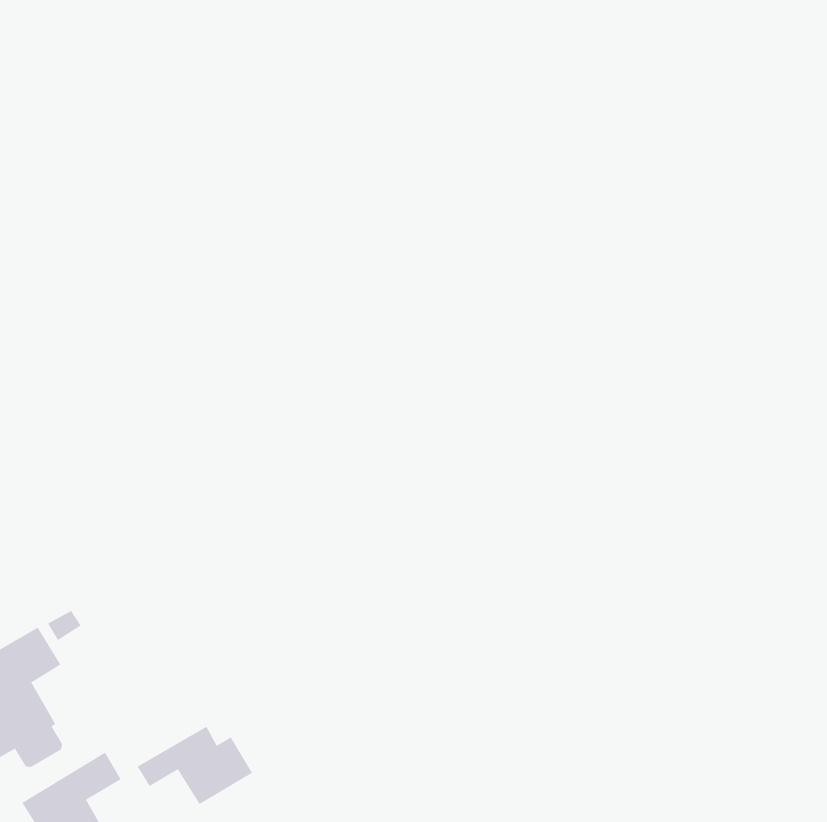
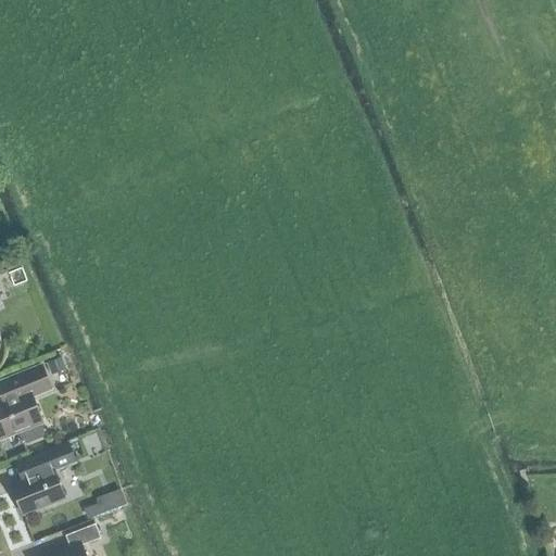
building: [137,726,253,805] -> none

